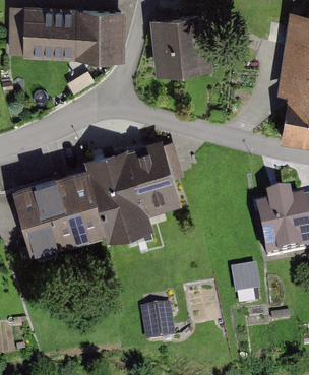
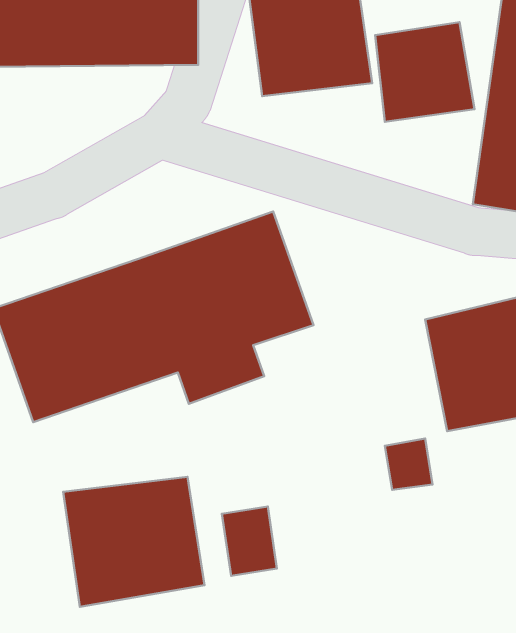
building: none -> [375,22,475,122]
building: none -> [63,477,205,607]

